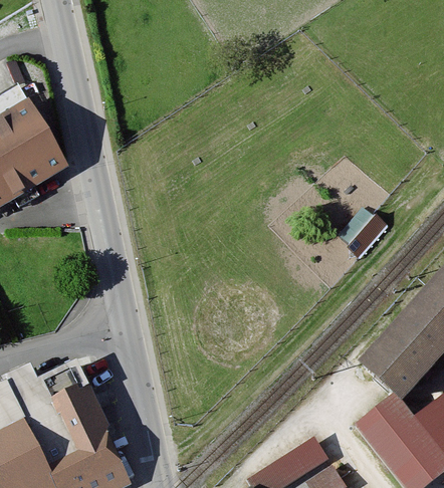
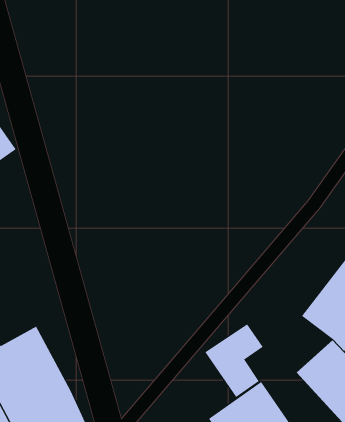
building: [334,201,384,250] -> none
building: none -> [205,323,264,398]

